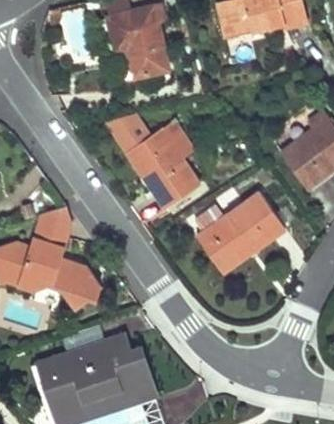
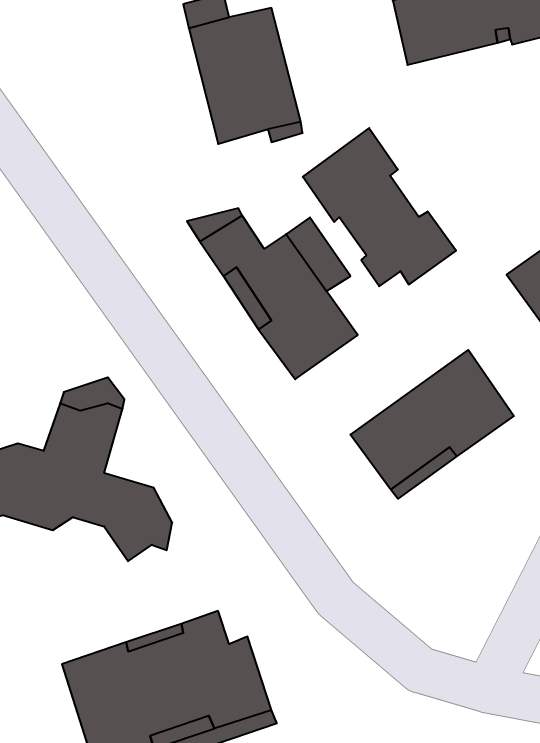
building: none -> [303,128,456,286]

